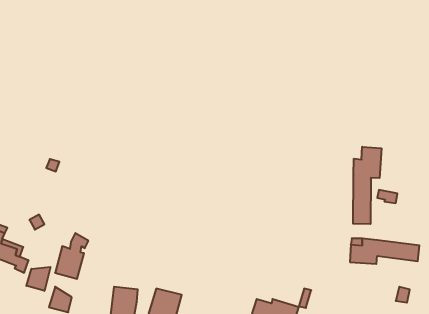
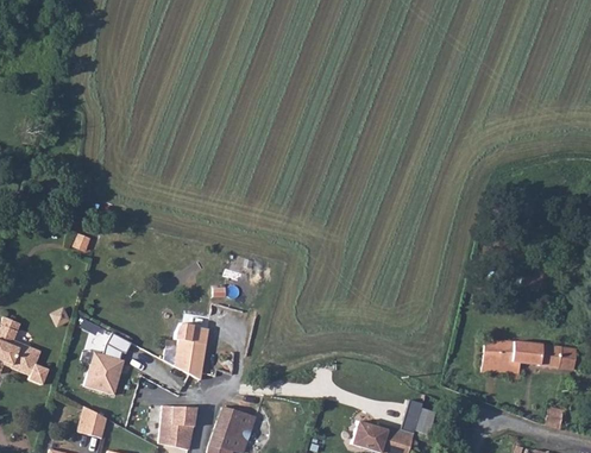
building: [353,147,381,224] -> none
building: none -> [174,323,209,380]
building: [26,267,50,291] -> none

